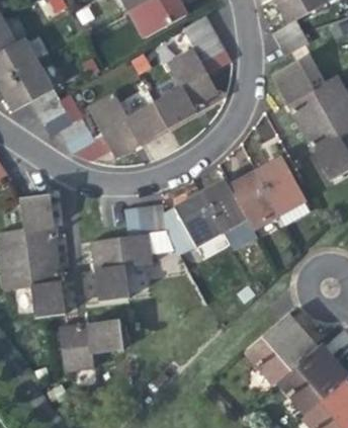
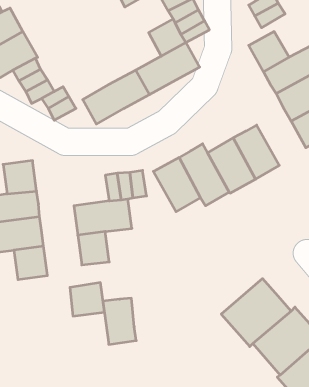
building: [88,93,127,132] -> none
building: [59,325,93,372] -> [103,298,136,344]

